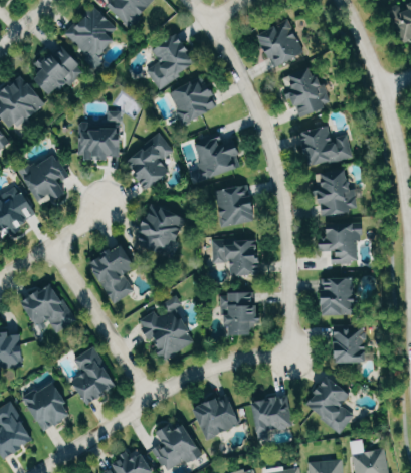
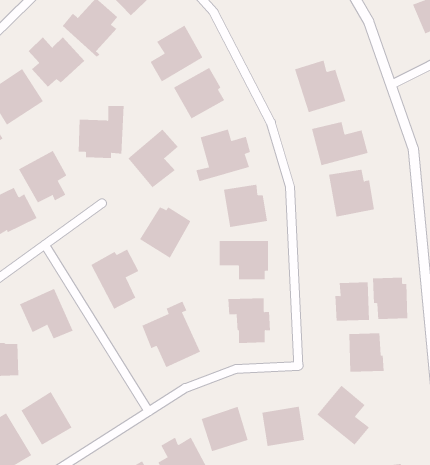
building: [256,20,303,68] -> none
building: [325,223,359,263] -> [372,277,408,320]
building: [70,346,117,405] -> none

